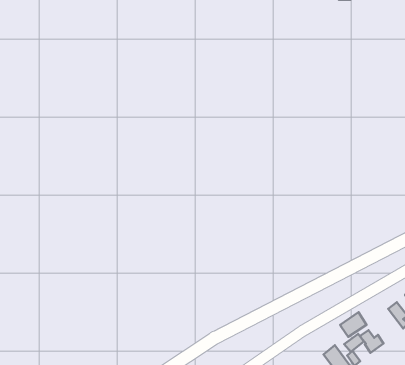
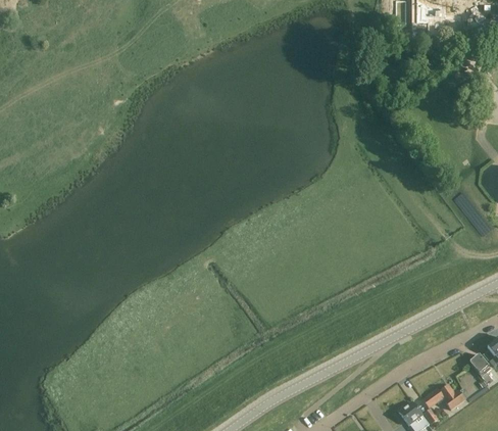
building: [340,312,367,337] -> none

